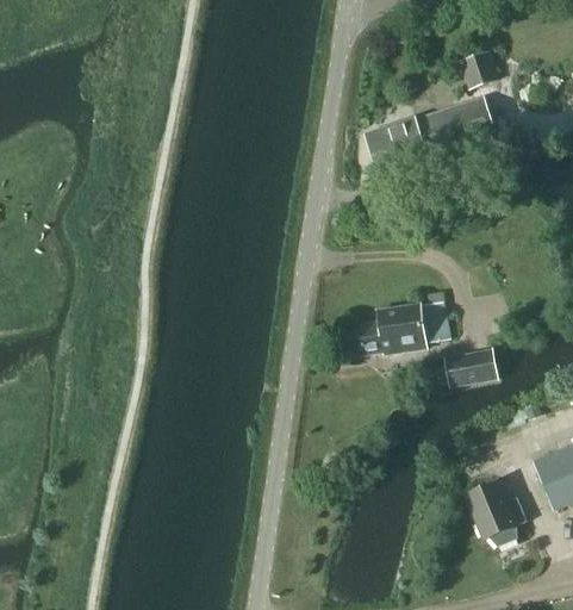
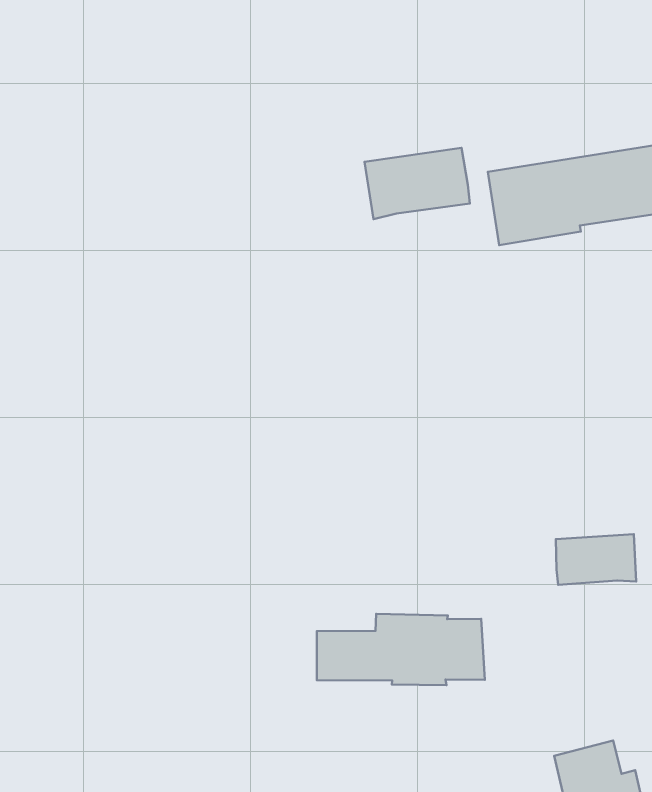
building: none -> [364,148,470,219]
building: [342,301,453,356] -> [317,614,485,685]

